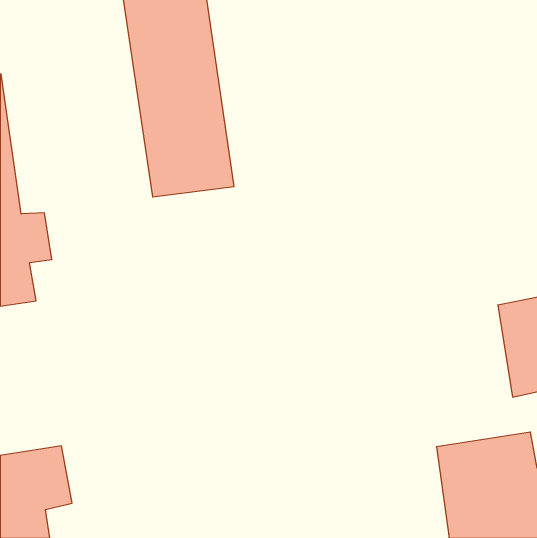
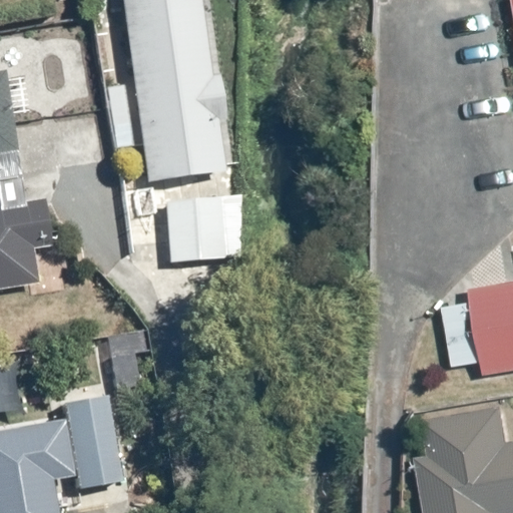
building: none -> [150,194,212,252]
building: none -> [56,380,123,489]

